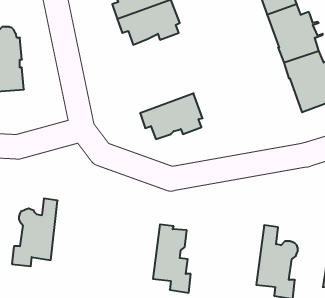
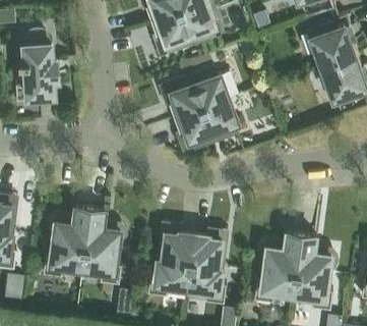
building: none -> [168,69,228,120]
building: none -> [81,210,123,284]
building: none -> [146,233,193,296]
building: none -> [253,233,300,303]

